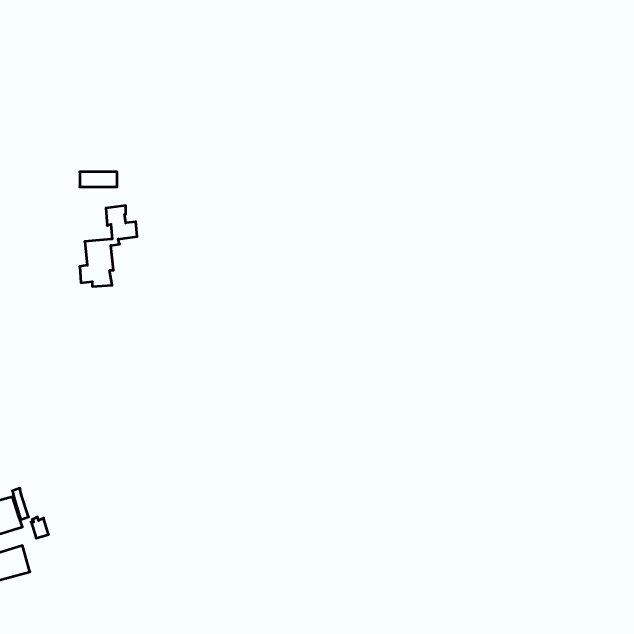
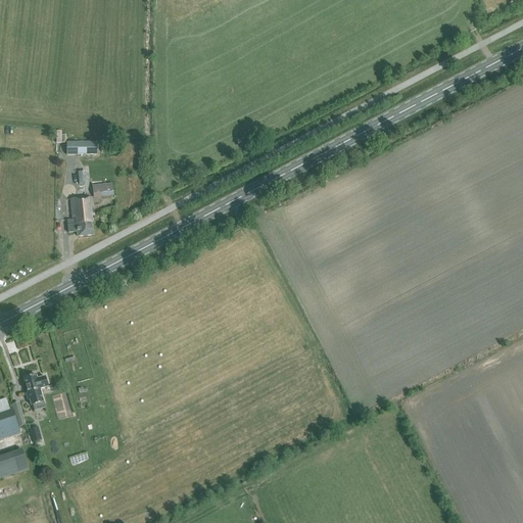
building: none -> [21,374,46,406]

